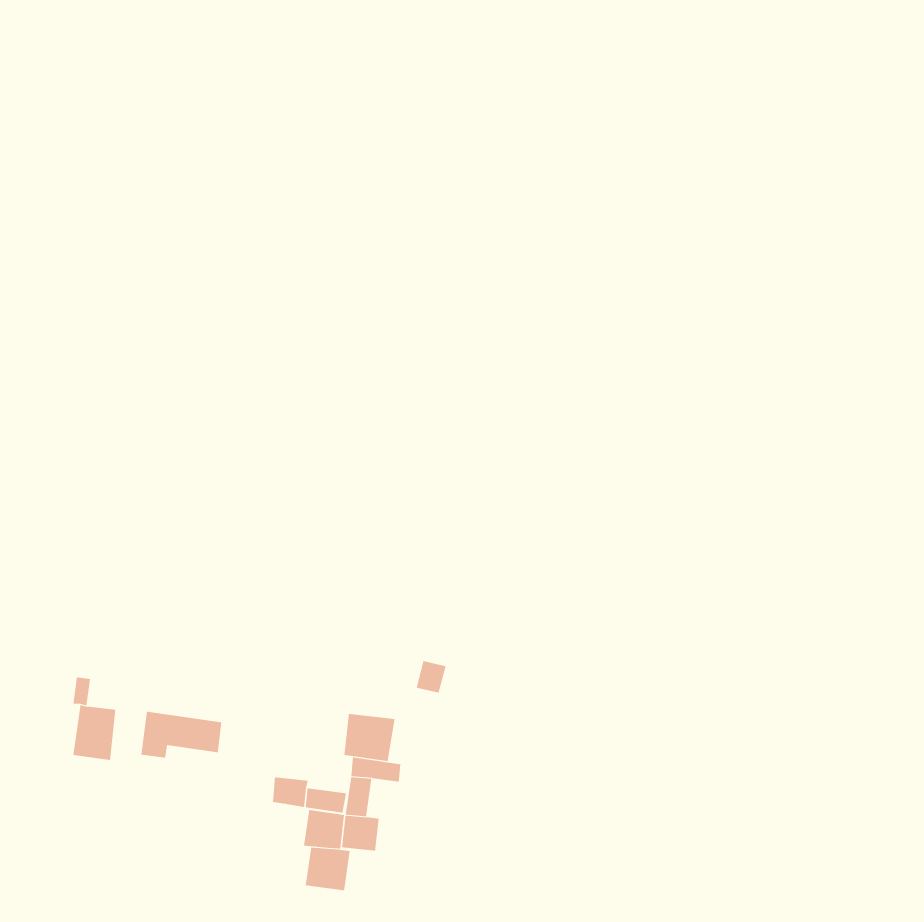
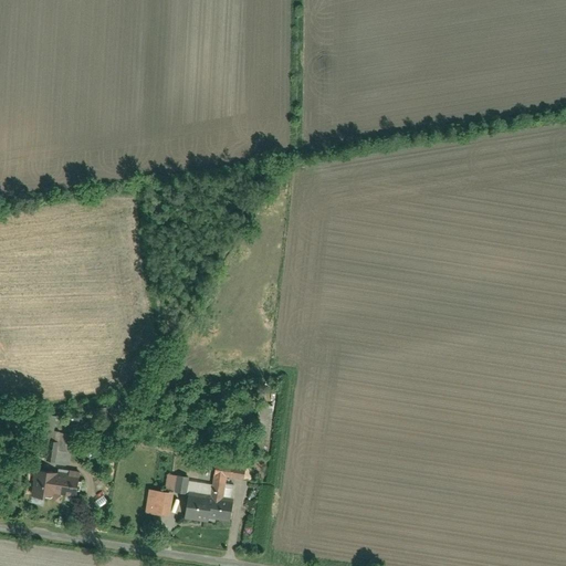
building: [141,711,222,758] -> [30,471,80,500]
building: [344,713,395,762] -> none
building: [305,847,350,891] -> [146,491,174,517]

